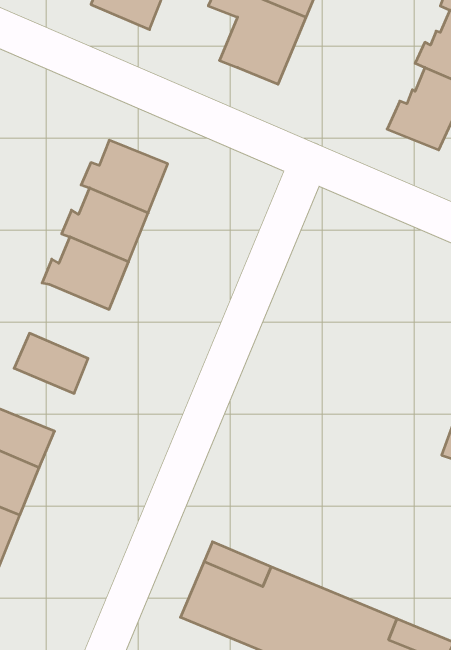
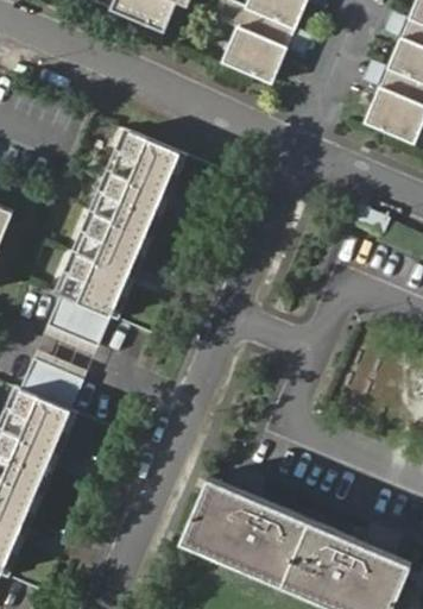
building: none -> [55,255,128,318]

